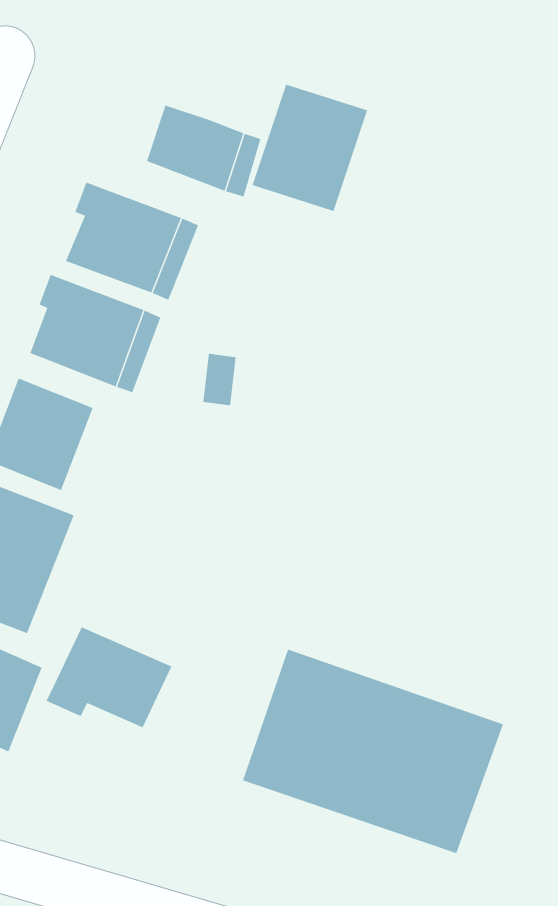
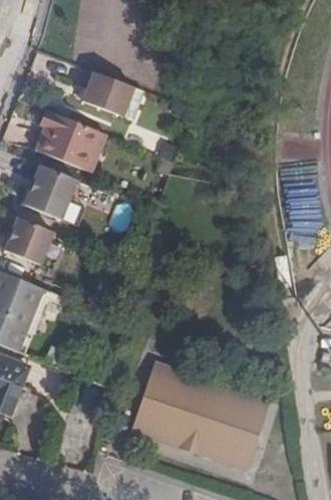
building: [252,84,368,212] -> none
building: [46,626,172,728] -> none

